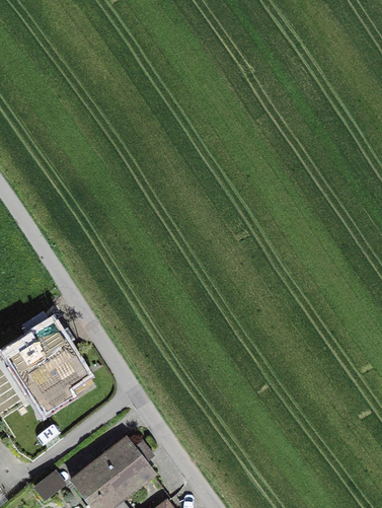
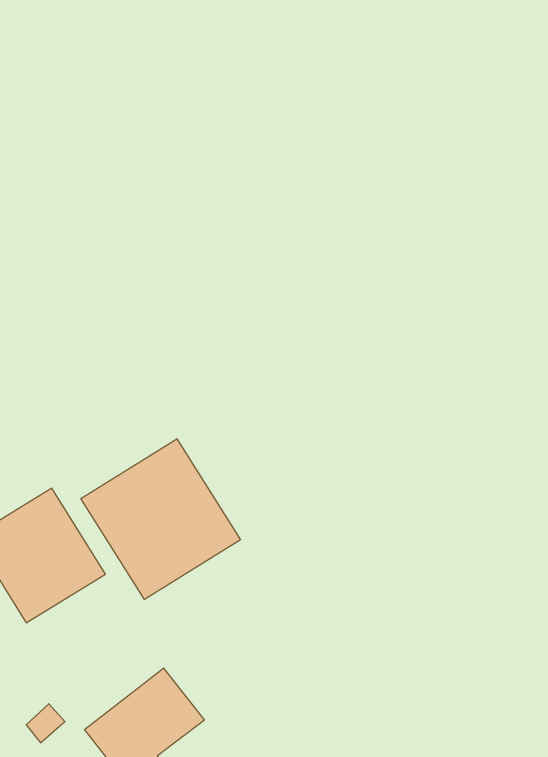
building: none -> [81,439,241,599]

